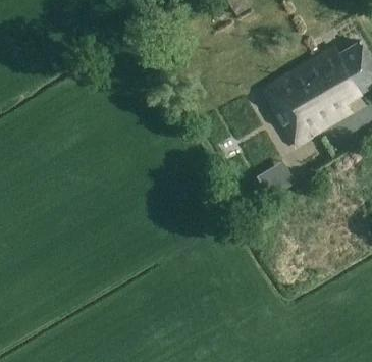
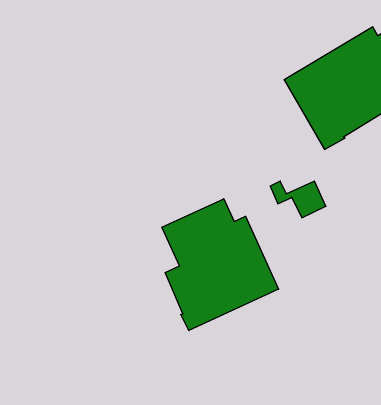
building: none -> [162,199,279,331]

